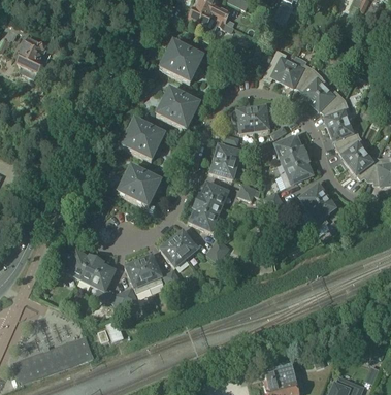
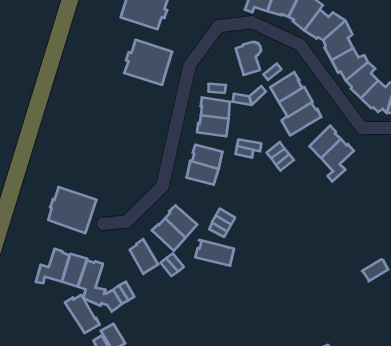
building: [231,107,254,132] -> none
building: [121,119,163,160] -> none
building: [118,165,160,206] -> [48,187,97,233]
building: [188,207,221,232] -> [195,240,234,266]
building: [124,260,150,292] -> [65,295,100,333]

